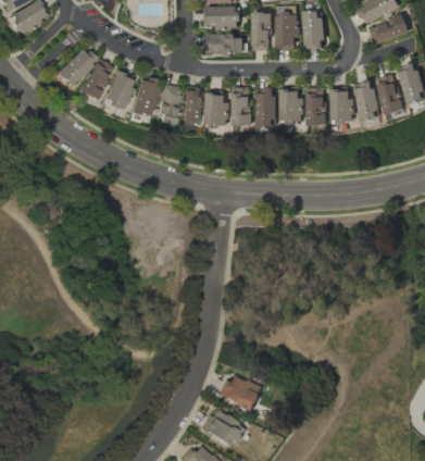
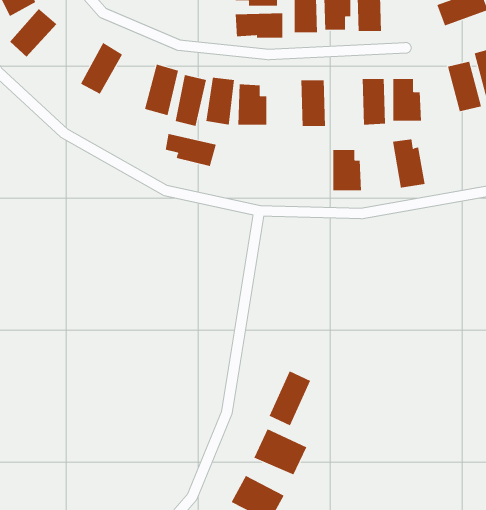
building: [57,47,96,87] -> [9,8,57,57]
building: [103,71,134,111] -> none
building: [355,80,383,121] -> [392,139,425,188]
building: [233,86,252,124] -> none
building: [282,88,305,122] -> [333,149,362,191]
building: none -> [165,133,216,167]
building: none -> [269,371,311,426]

